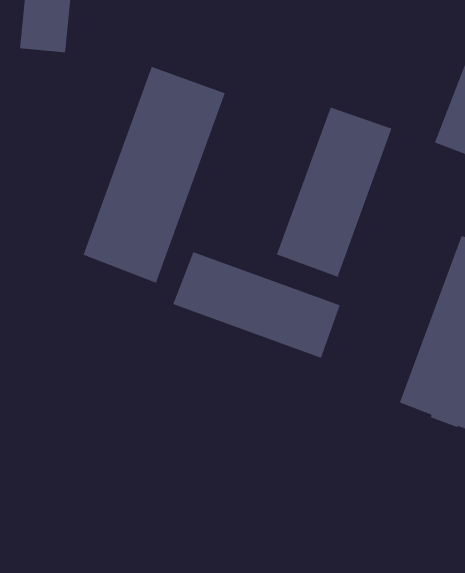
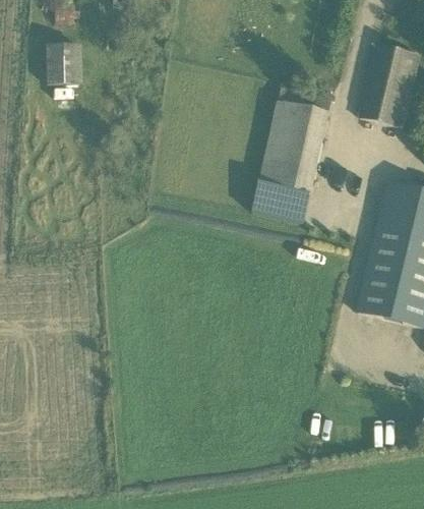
building: [82,66,226,284] -> none
building: [172,251,341,359] -> none

